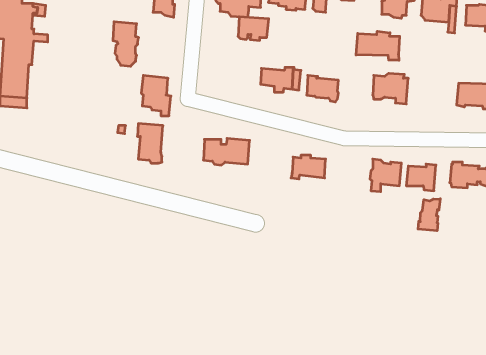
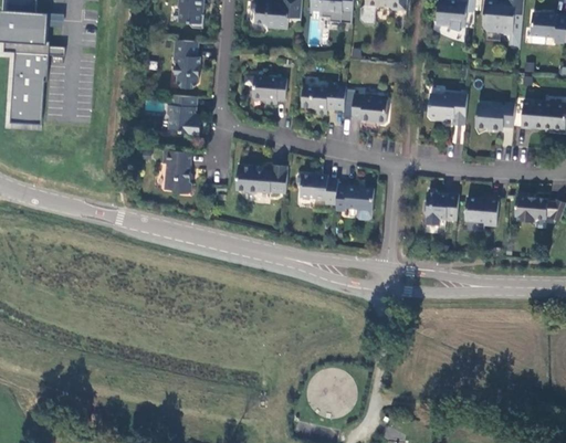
building: [238,17,269,40] -> [252,75,286,102]
building: [113,22,139,66] -> [172,39,201,88]
building: [356,31,400,60] -> none
building: none -> [475,102,514,131]
building: none -> [295,175,338,203]
building: [418,199,440,231] -> none

